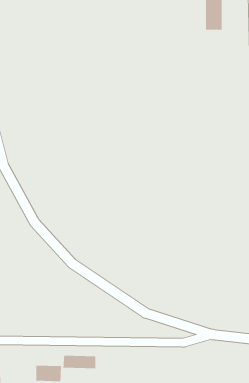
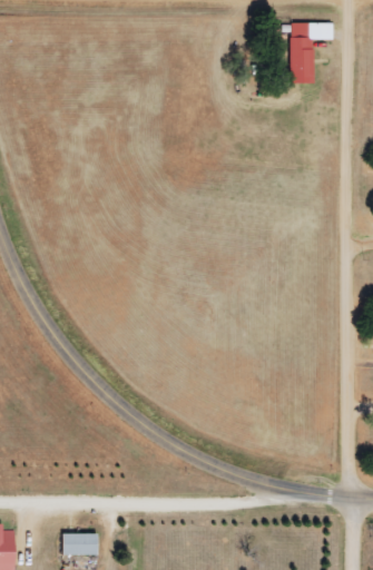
building: [63,355,96,369] -> none

